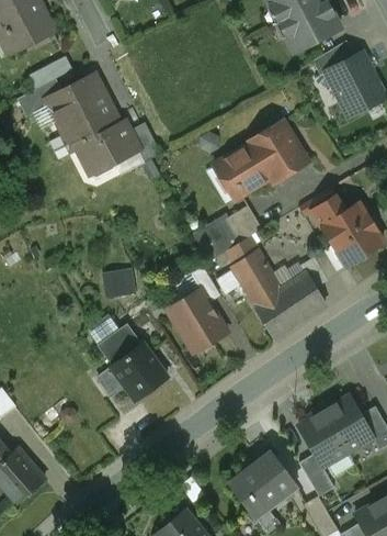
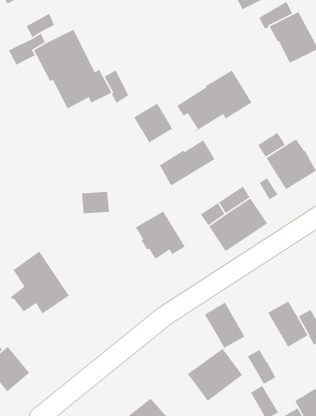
building: none -> [133,102,173,143]
building: [228,252,273,294] -> none
building: [94,325,166,401] -> [10,250,70,314]
building: [299,411,349,468] -> [204,302,246,350]

